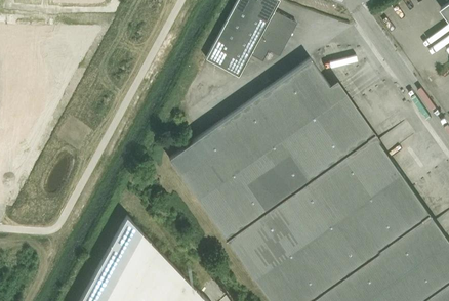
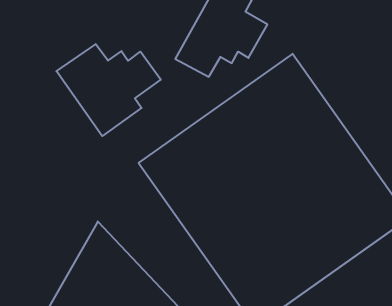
building: none -> [56,44,161,136]

